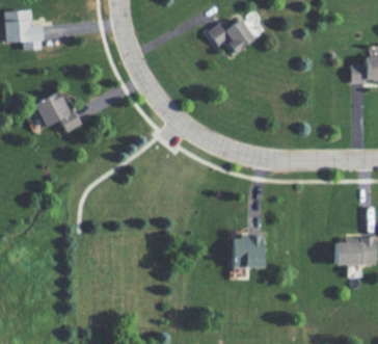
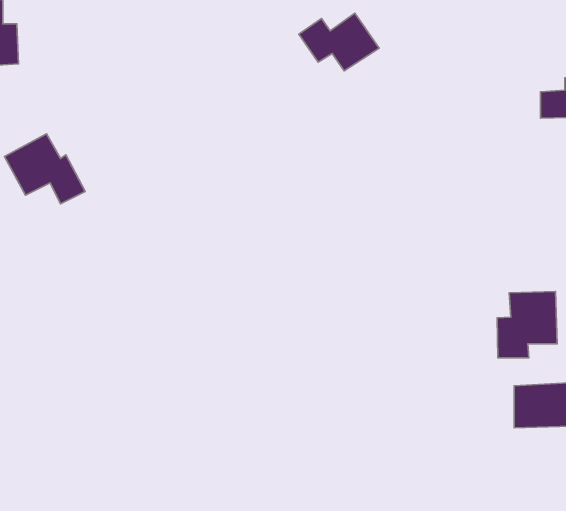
building: none -> [497,292,557,358]
building: [234,236,264,268] -> none

